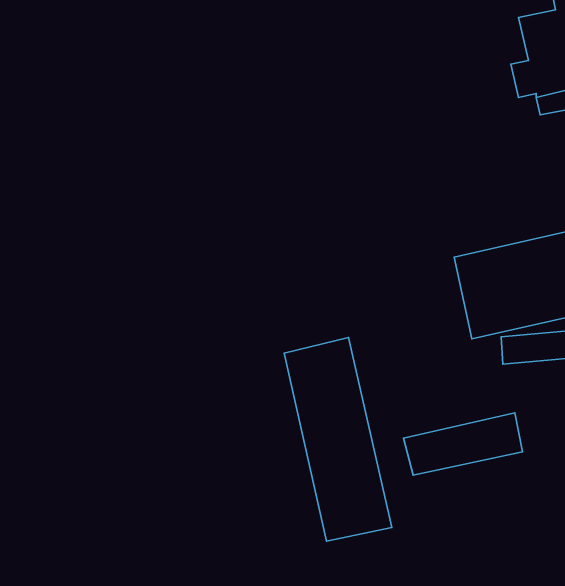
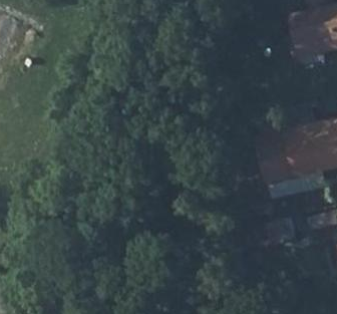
building: [284,338,392,541] -> none

